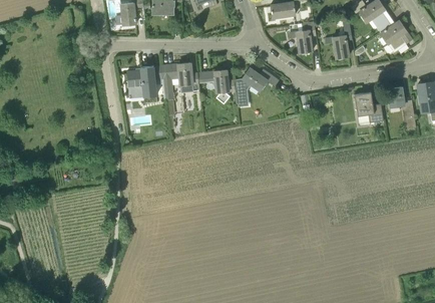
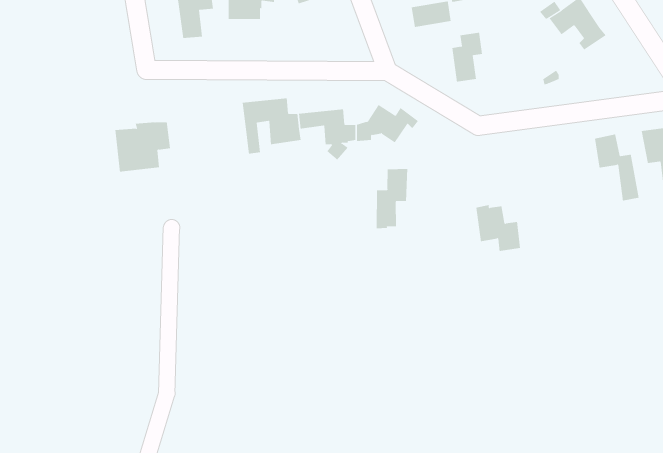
building: [332,18,352,58] -> none
building: [380,20,412,49] -> none
building: [127,66,163,98] -> [114,122,171,172]
building: [354,92,383,122] -> [475,204,521,251]
building: none -> [376,168,408,229]

